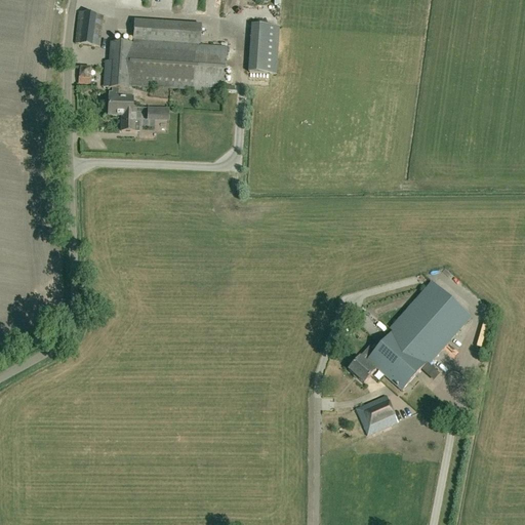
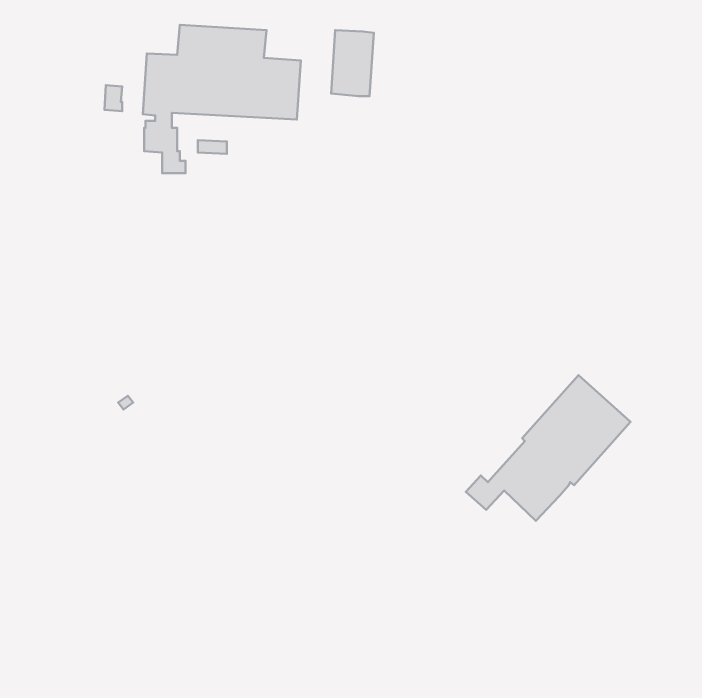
building: [75,10,104,45] -> none
building: [355,393,397,433] -> none

